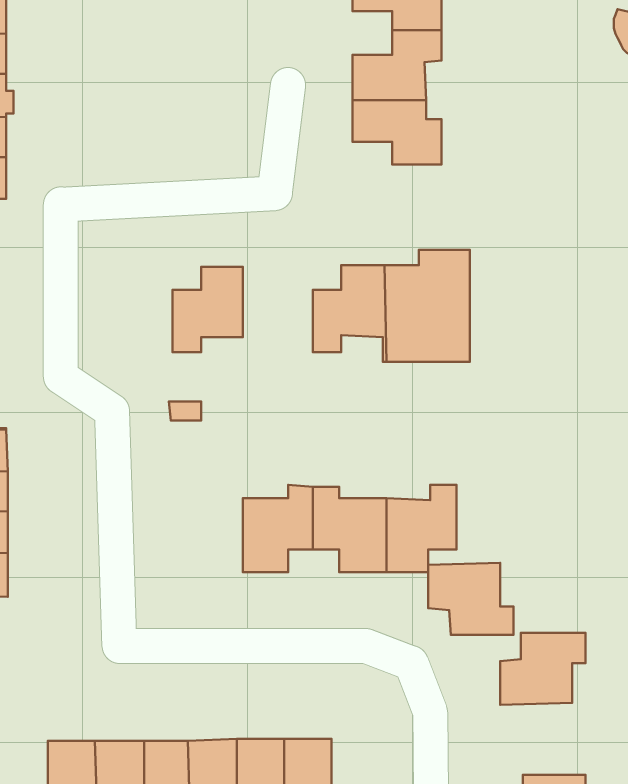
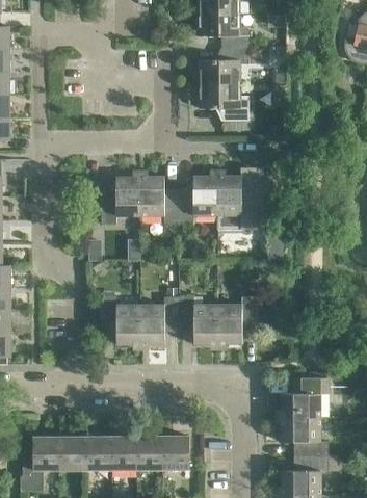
building: none -> [139,177,178,224]
building: none -> [101,297,139,344]
building: [428,563,513,635] -> [281,416,327,455]

